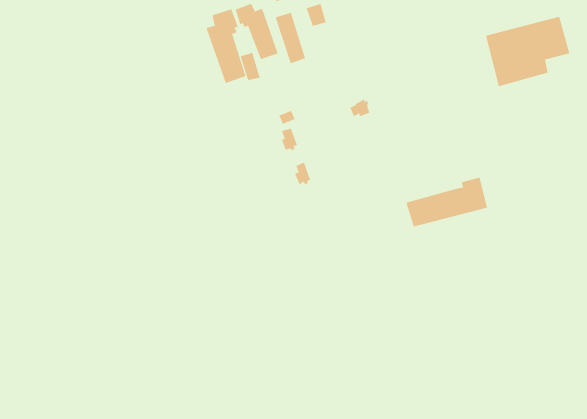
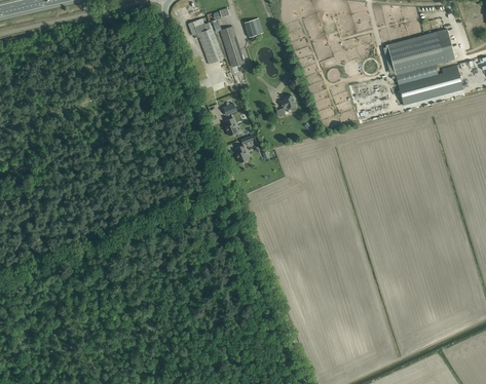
building: [206,9,246,84] -> none
building: [405,177,488,227] -> [398,65,463,105]

